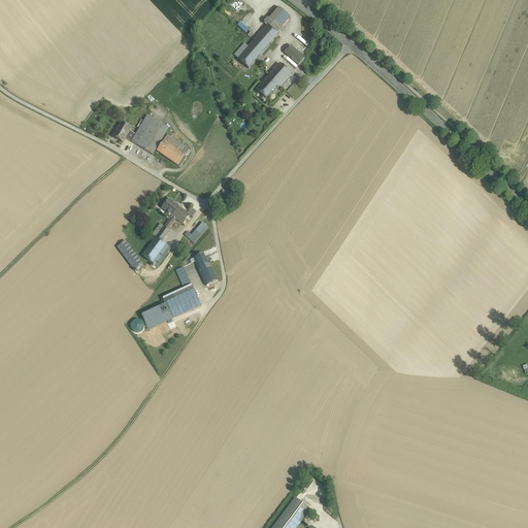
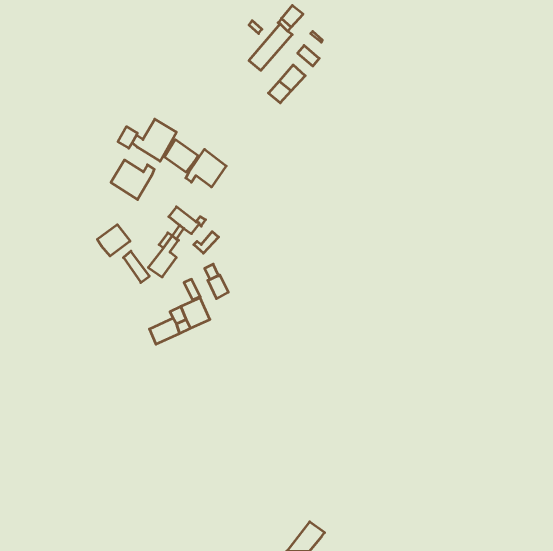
building: none -> [186,149,226,187]
building: none -> [111,160,154,200]
building: none -> [97,225,130,256]

